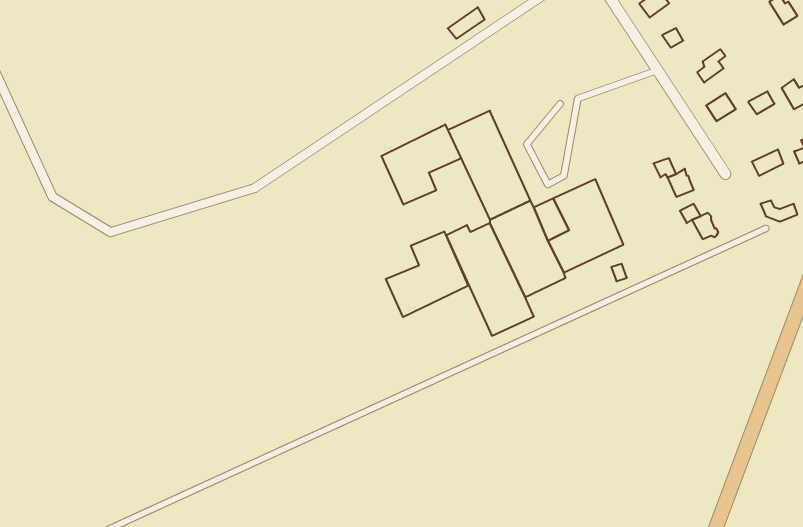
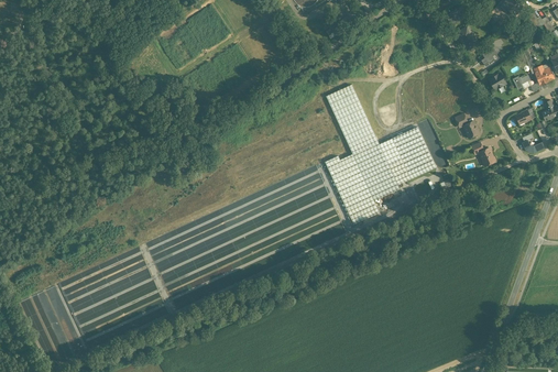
building: [381,124,461,205] -> none
building: [386,231,468,317] -> none

